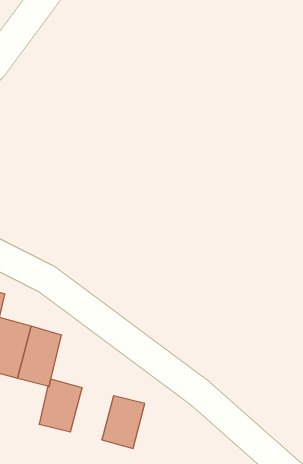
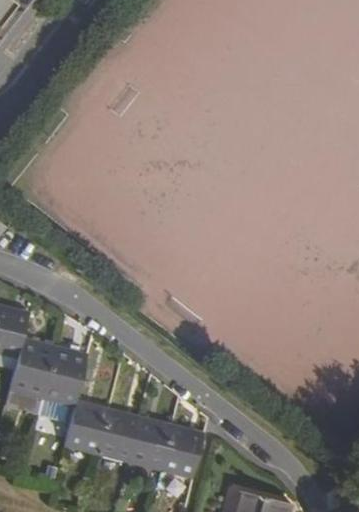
building: none -> [94,408,138,461]
building: none -> [158,424,202,478]

